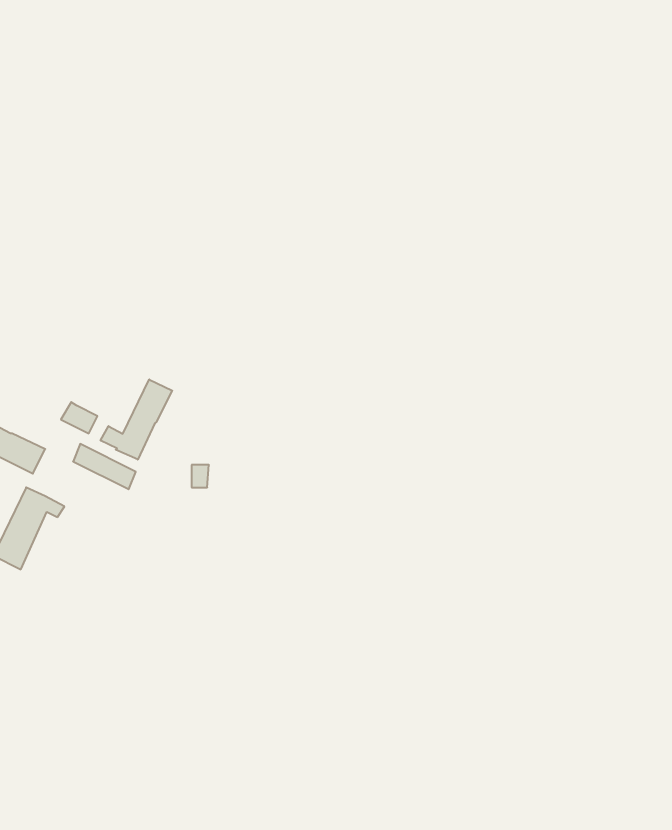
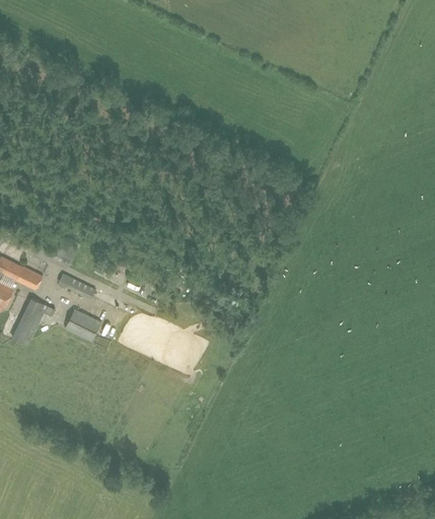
building: [101,379,172,460] -> none
building: none -> [65,308,100,340]

